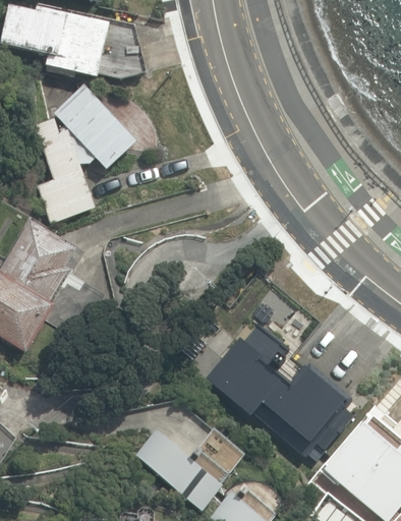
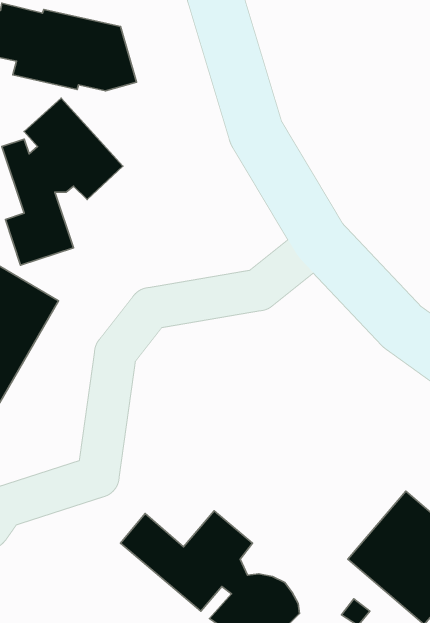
building: [203,320,348,453] -> none

